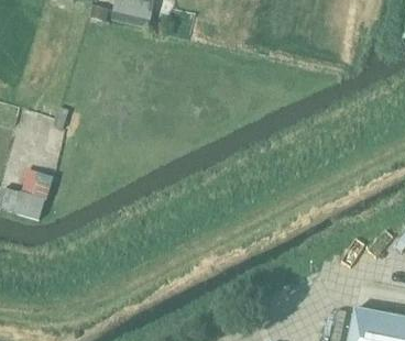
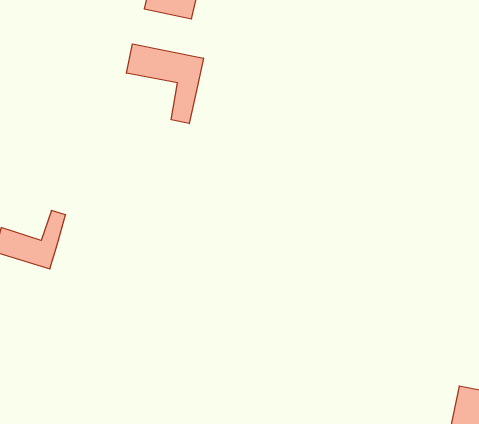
building: none -> [126,44,203,124]

